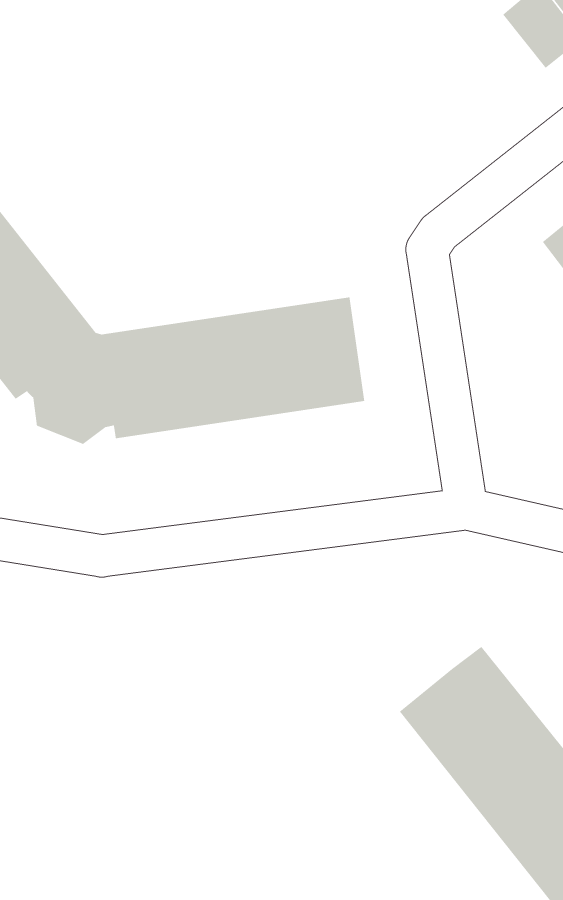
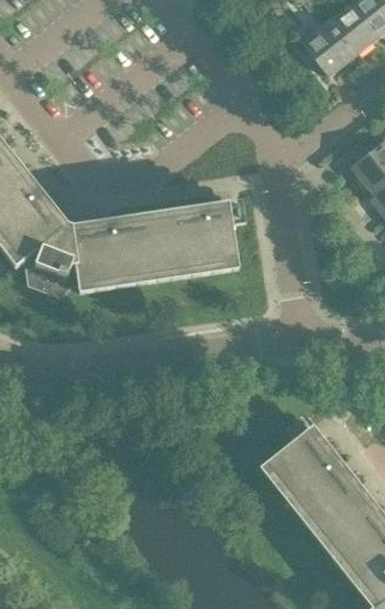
building: none -> [301,22,354,76]

